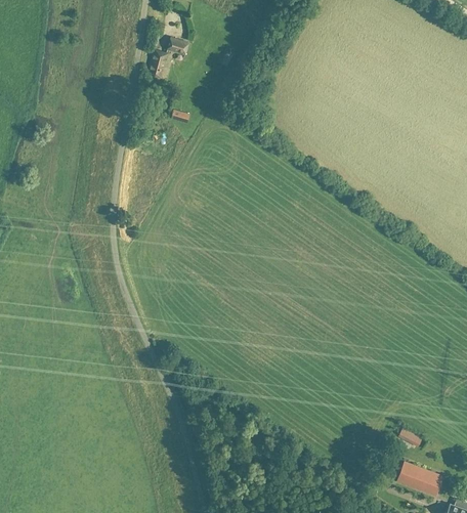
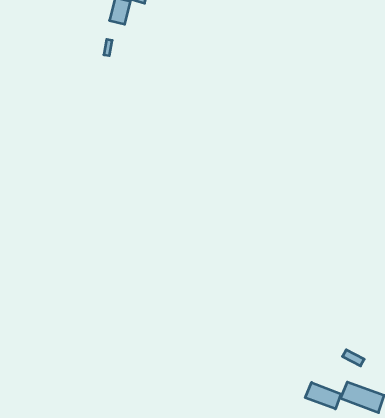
building: none -> [305,382,341,409]

